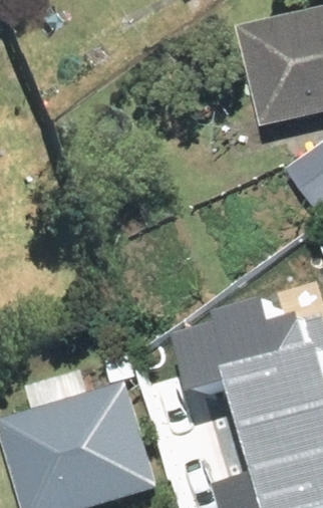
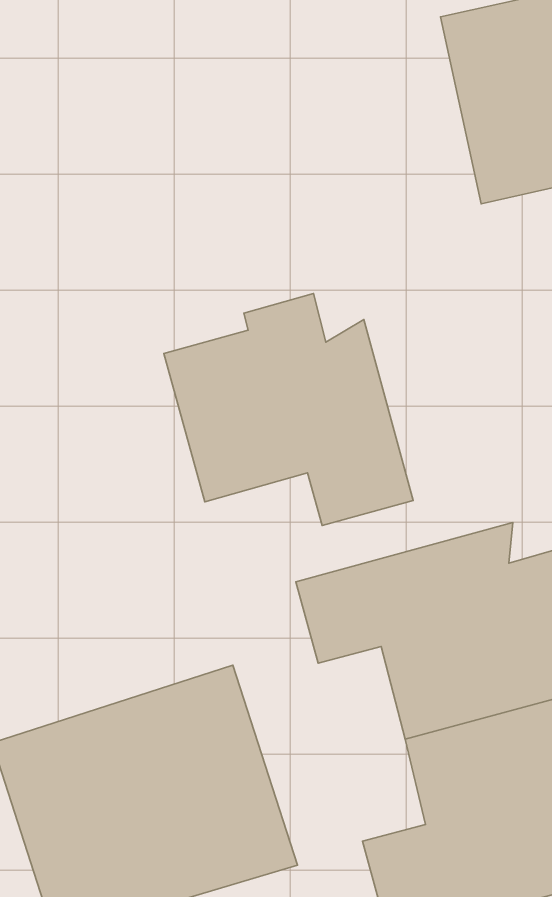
building: none -> [164,294,413,525]

